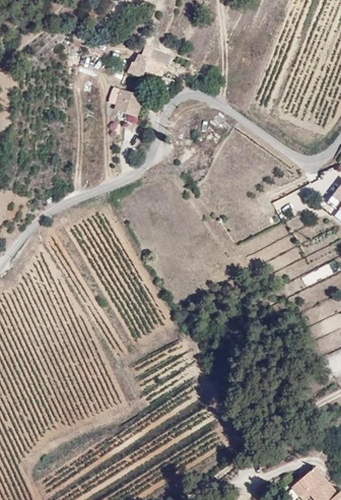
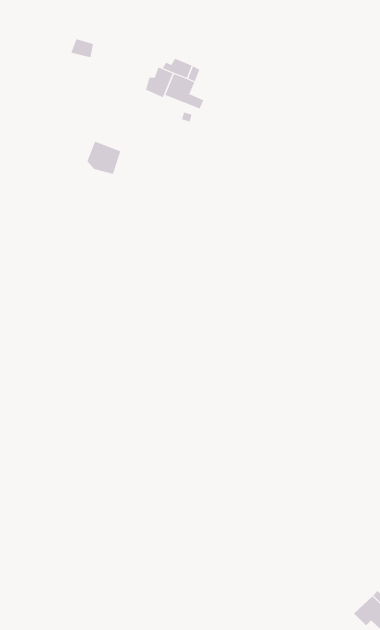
building: [117,89,144,116] -> [87,141,121,174]

